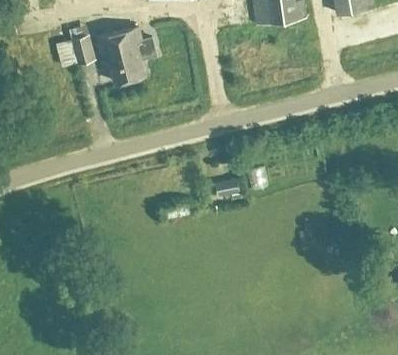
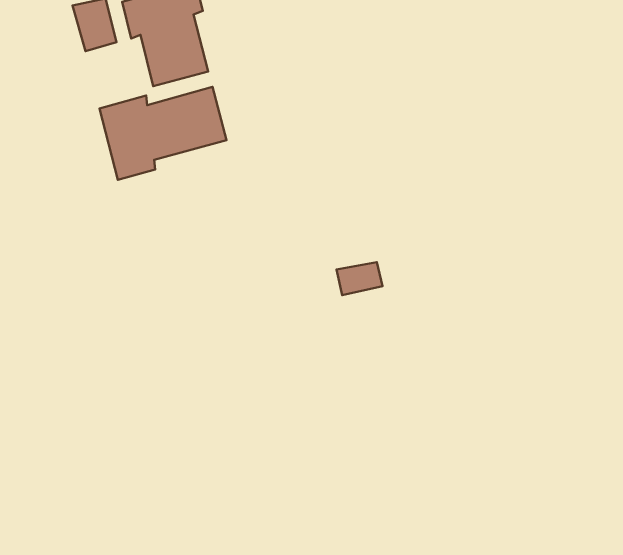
building: none -> [100,87,227,180]

